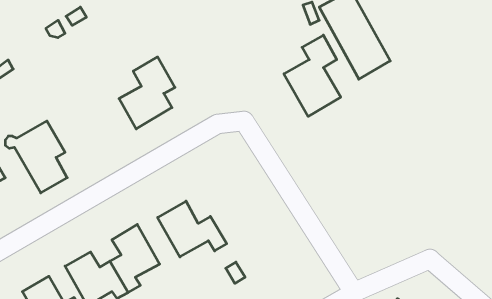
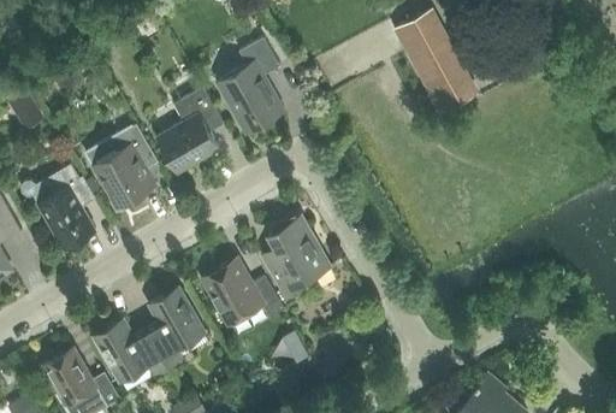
building: [284,35,341,116] -> [217,37,284,134]
building: none -> [85,124,155,207]
building: none -> [266,217,330,299]

